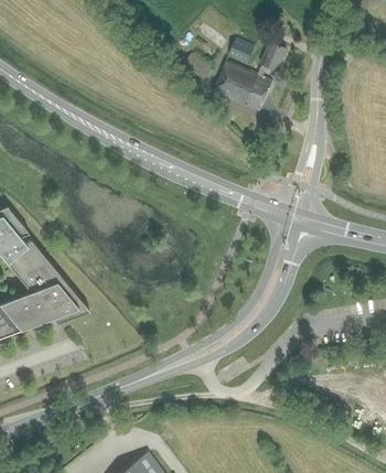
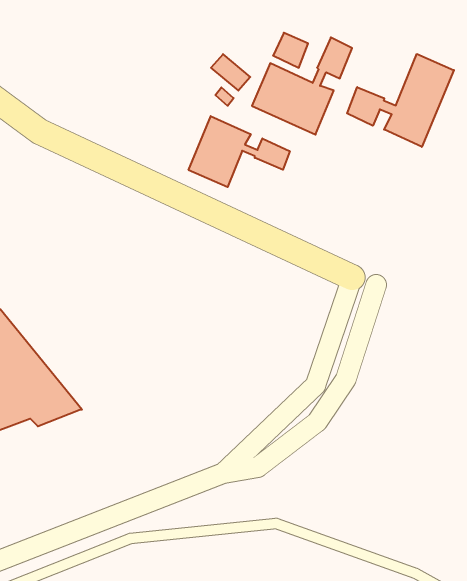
building: none -> [347,54,454,147]
building: none -> [189,116,290,187]

